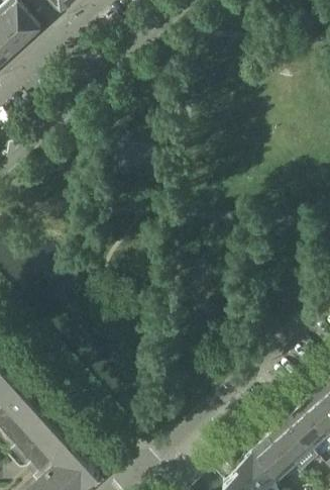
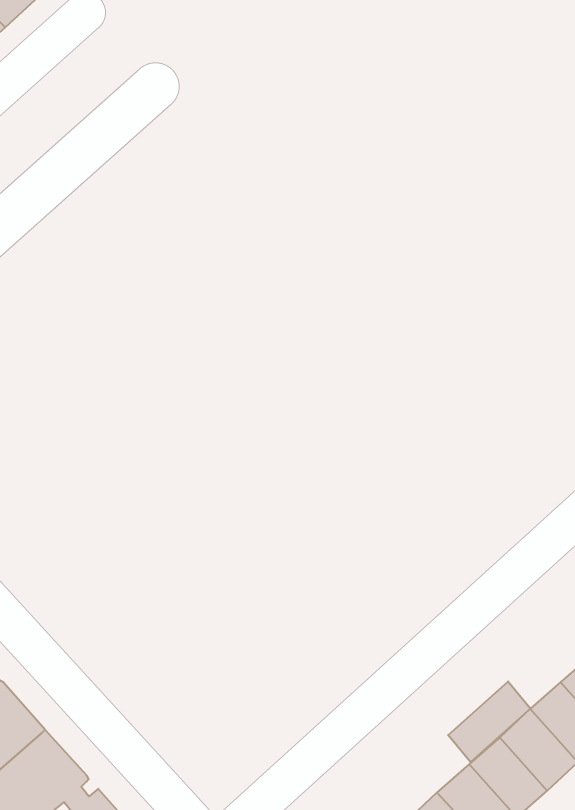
building: none -> [448,681,531,762]

